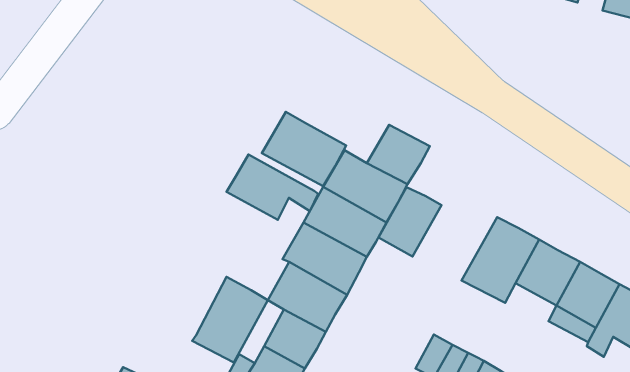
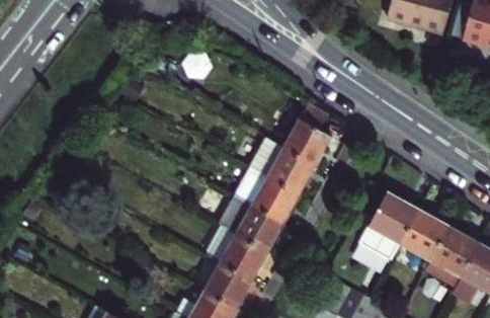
building: [262,112,346,186] -> none
building: [226,154,318,220] -> none
building: [379,187,442,257] -> none
building: [192,277,268,362] -> none

